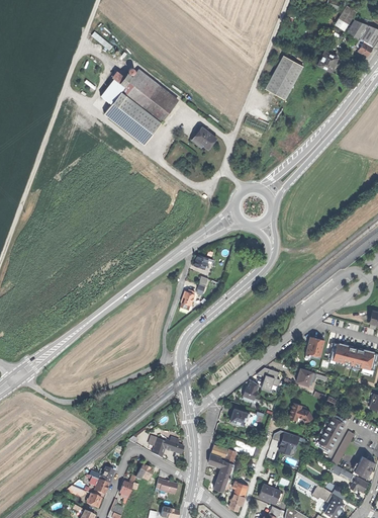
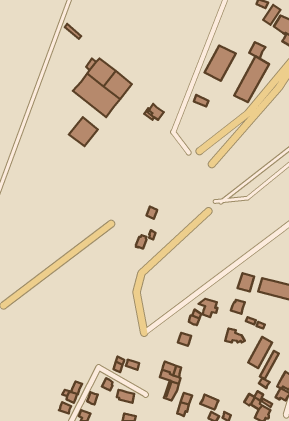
building: none -> [234,56,269,102]
building: none -> [69,117,98,146]
building: [272,431,299,456] -> none

